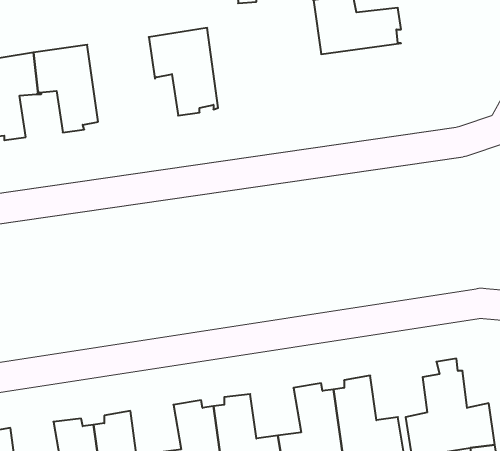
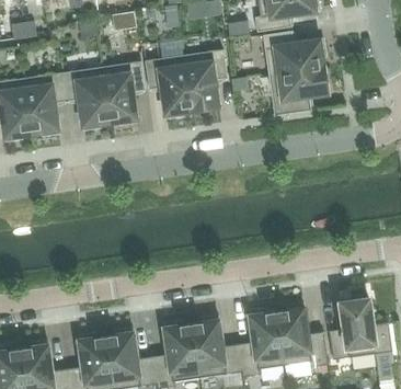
building: none -> [186,49,227,112]
building: none -> [101,61,145,124]
building: none -> [267,66,329,116]

